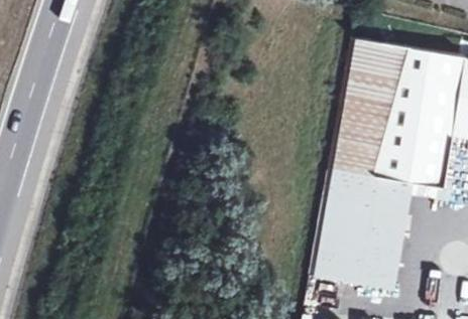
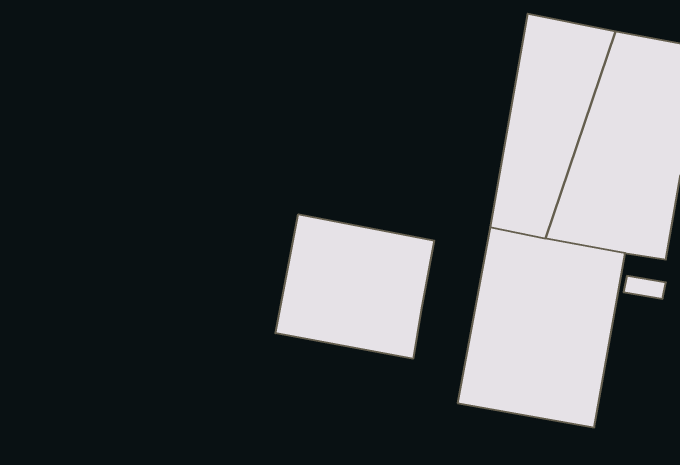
building: none -> [275,214,434,359]

